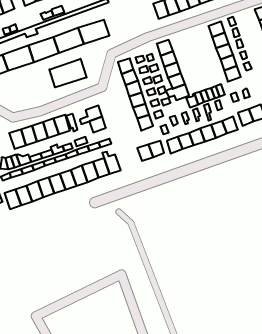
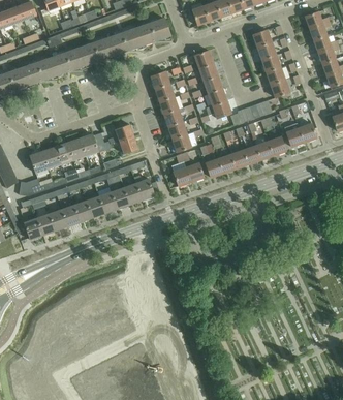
building: none -> [136,17,170,44]
building: [49,59,87,87] -> none

